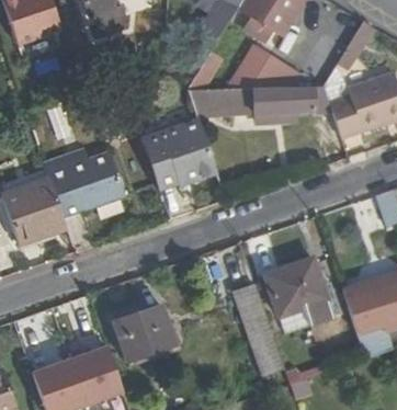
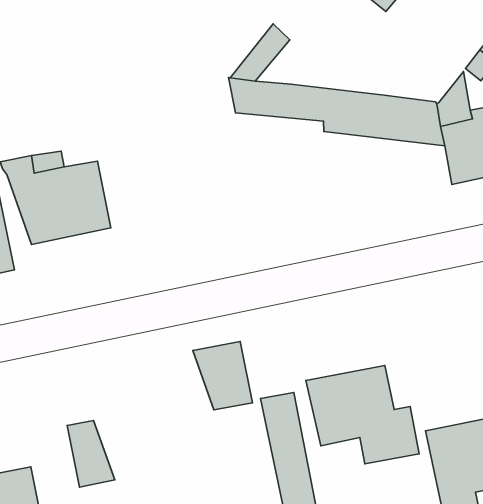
building: [227,45,298,87] -> none
building: [141,119,216,189] -> none
building: [128,306,171,352] -> [193,341,252,410]

